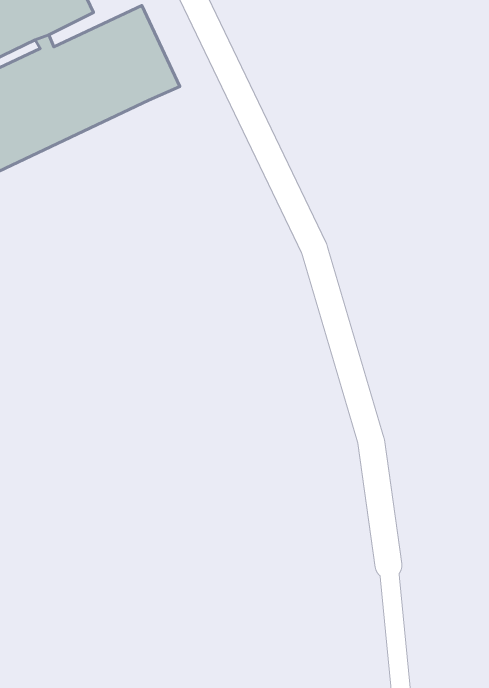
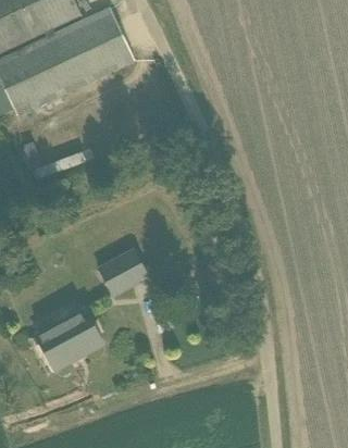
building: none -> [98,248,148,294]
building: none -> [35,308,102,368]

